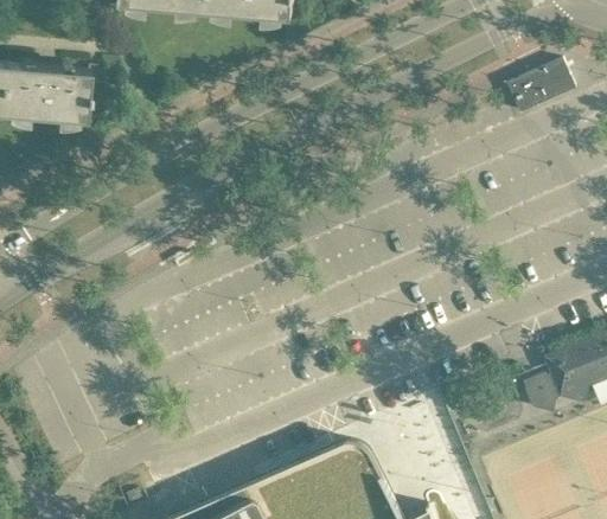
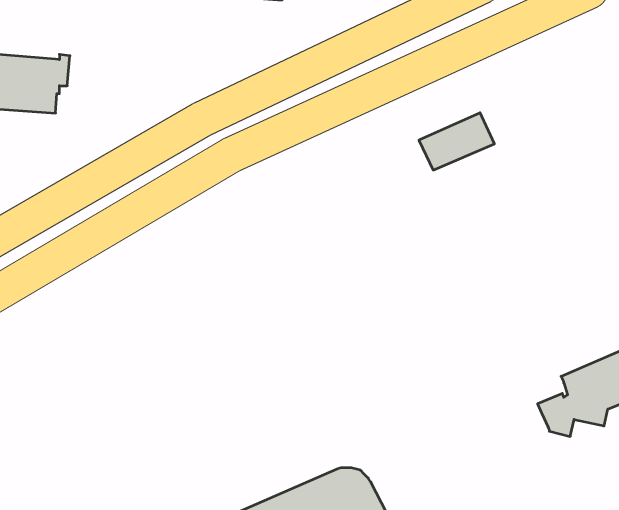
building: [504,64,573,116] -> [419,113,494,170]

